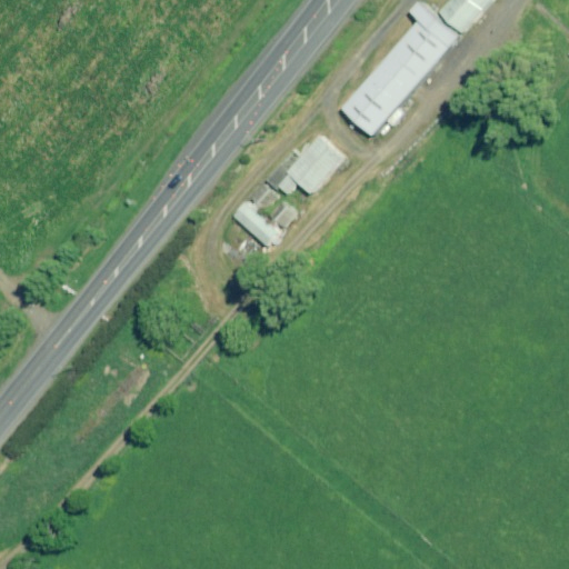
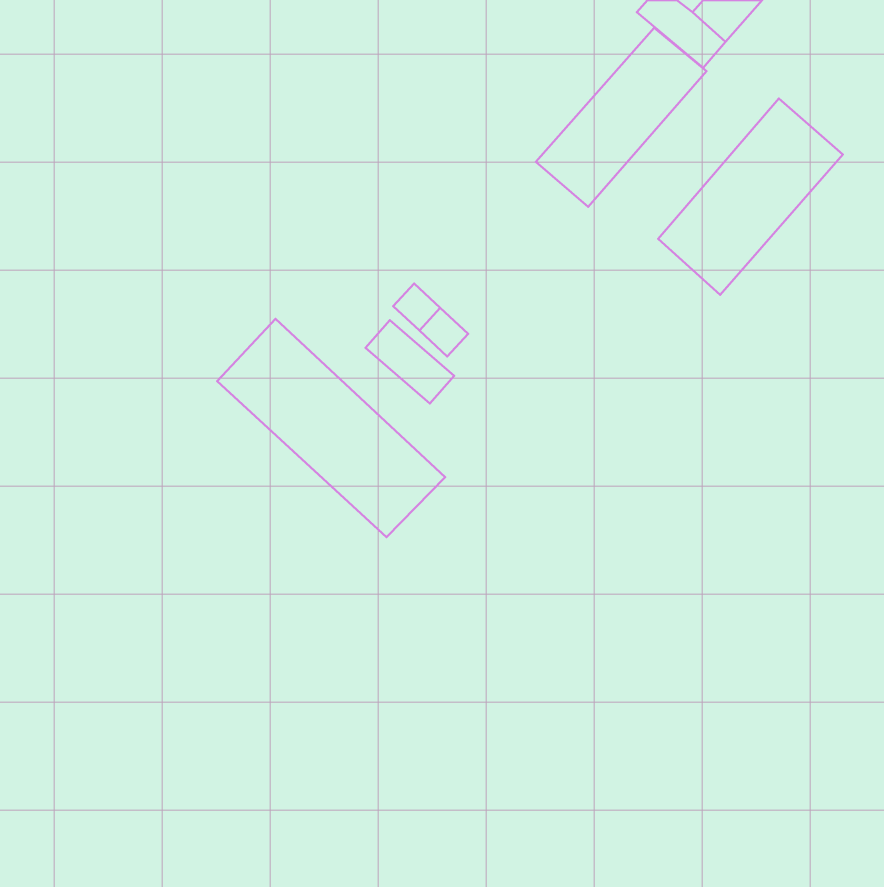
building: none -> [658,98,843,295]
building: [278,134,342,201] -> none
building: none -> [217,319,445,537]

